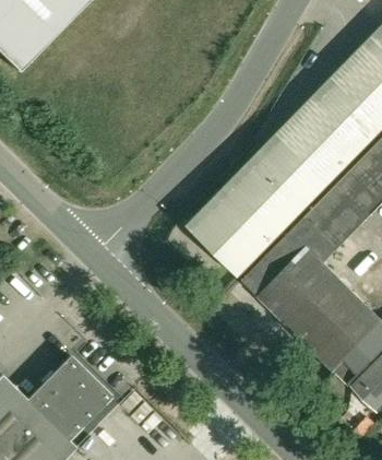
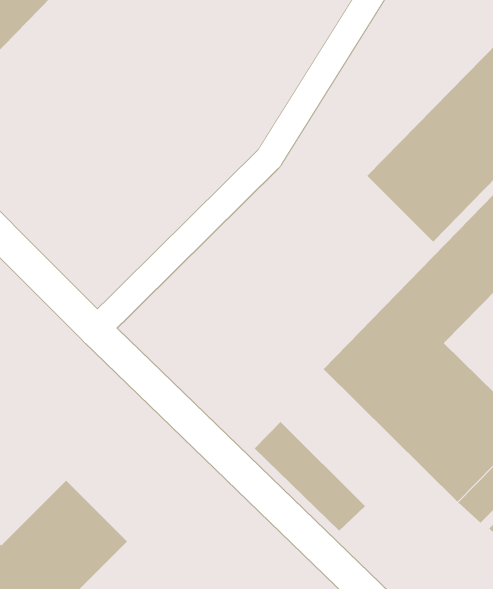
building: [192,150,315,274] -> none
building: none -> [254,421,366,531]

